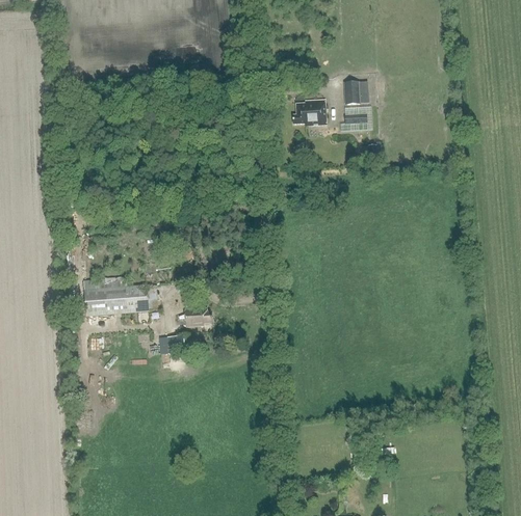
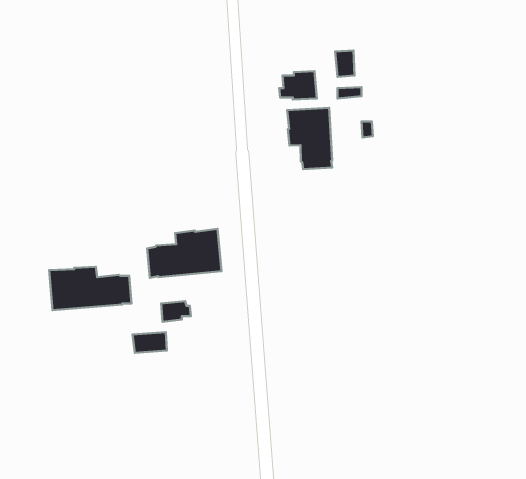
building: none -> [287,108,332,169]
building: none -> [147,229,222,278]

